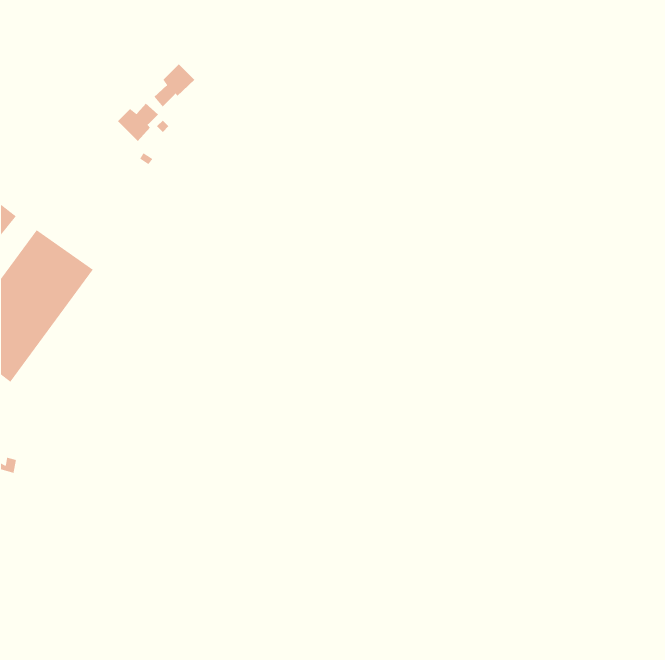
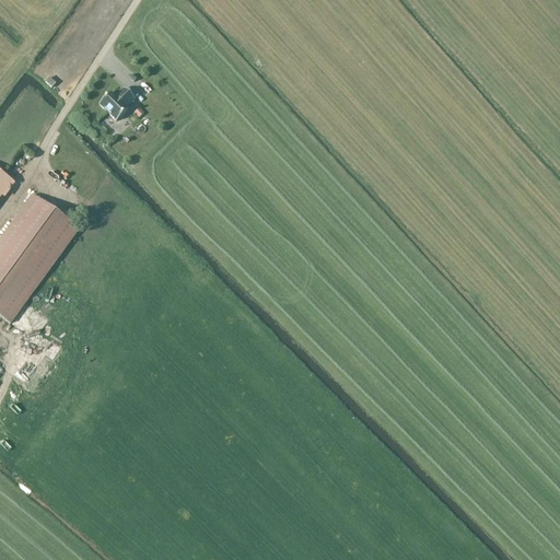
building: [154,63,195,108] -> none

